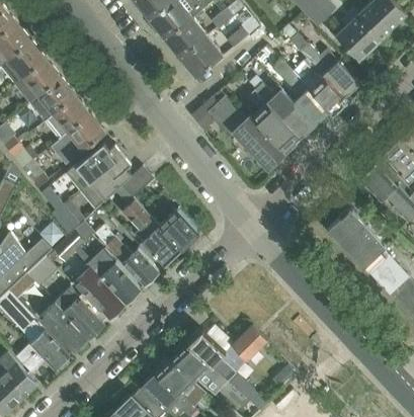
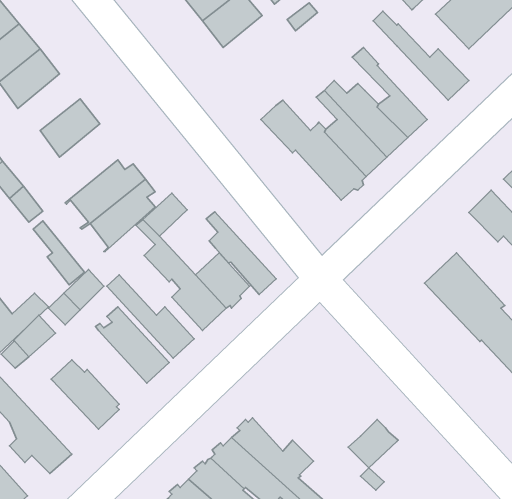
building: [180,36,224,79] -> none
building: [293,59,344,112] -> none
building: [30,79,76,122] -> none
building: [61,115,105,158] -> none
building: none -> [206,212,276,295]
building: [74,266,125,320] -> none
building: [39,303,89,353] -> none
building: [231,326,267,361] -> [348,419,398,468]

